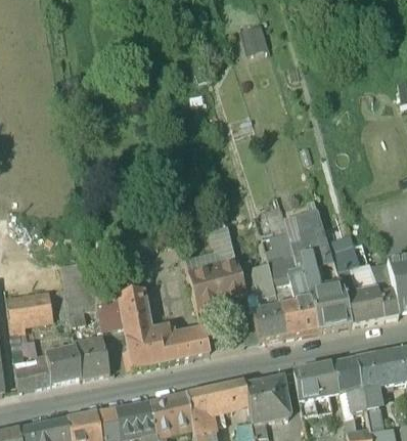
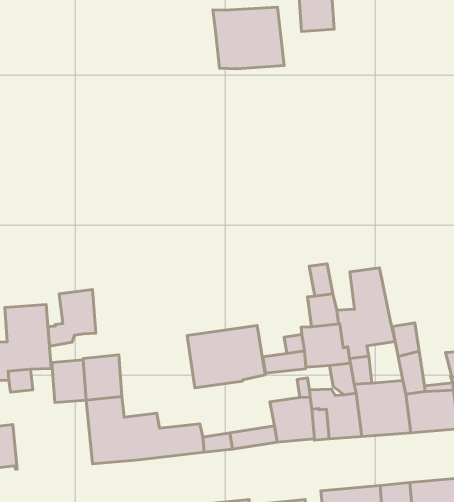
building: none -> [213,7,284,69]
building: [184,224,236,271] -> none
building: none -> [48,289,96,346]
building: [73,335,109,377] -> none

